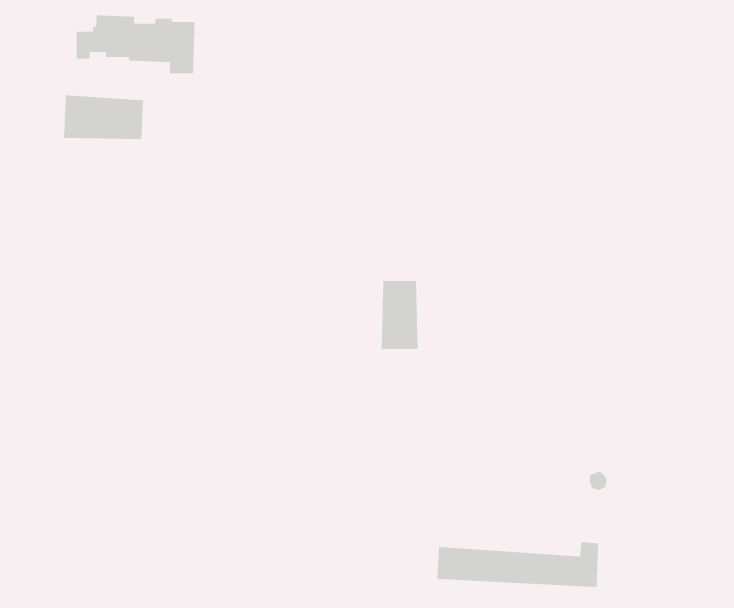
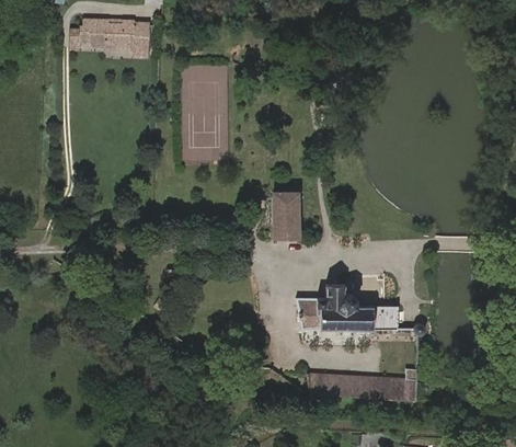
building: [64,94,144,140] -> none
building: none -> [298,284,395,331]

